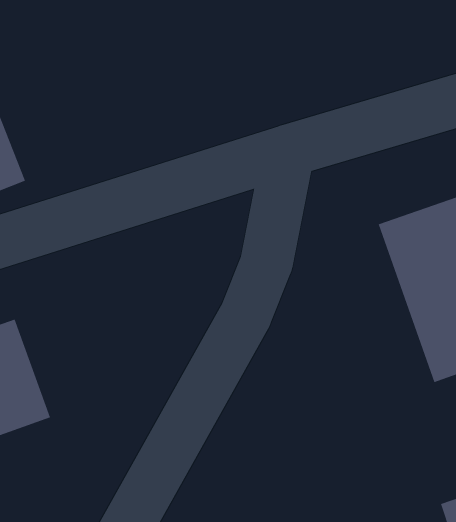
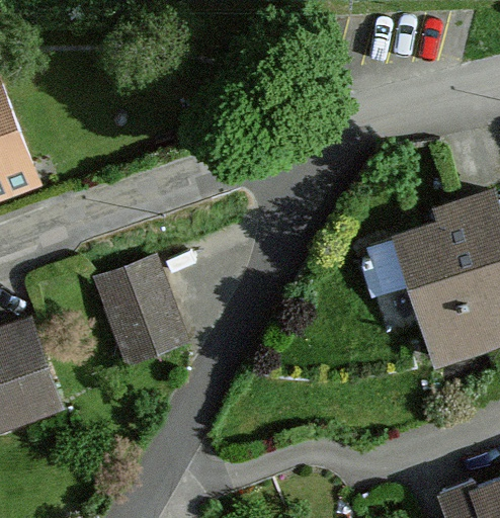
building: none -> [94,255,192,372]

